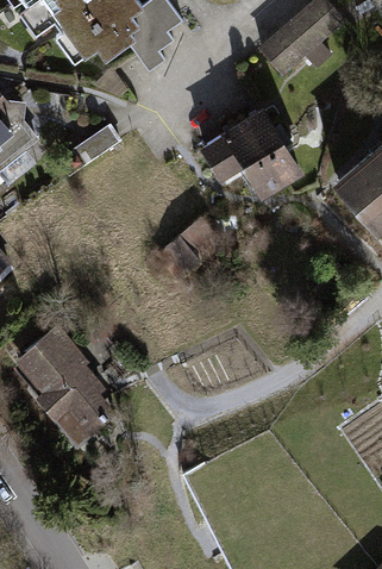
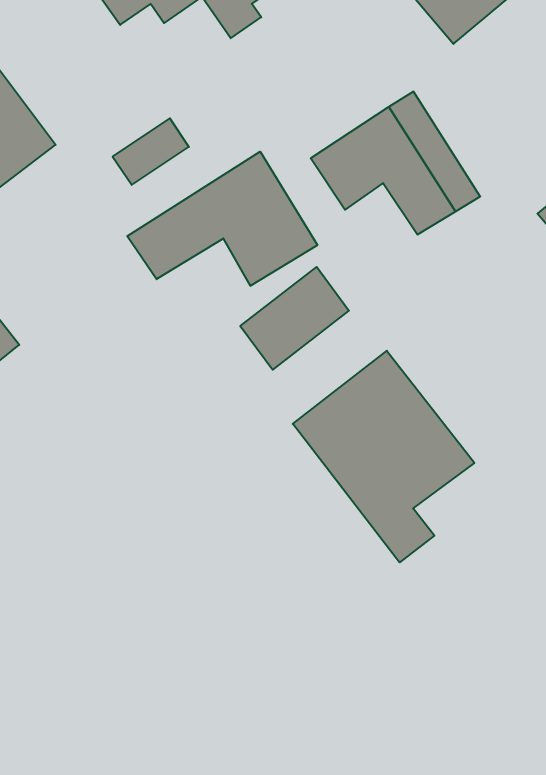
building: none -> [127,152,317,286]
building: none -> [293,351,474,562]
building: [18,329,108,444] -> none

